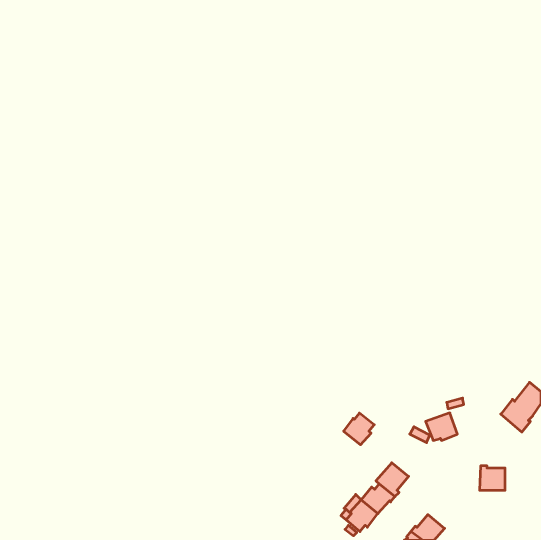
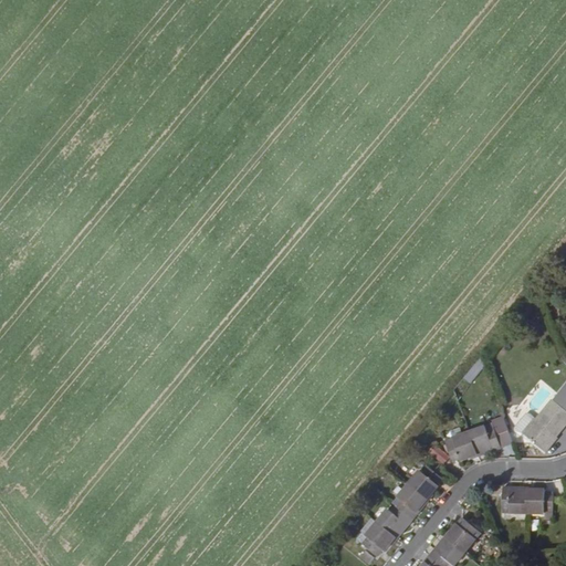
building: none -> [470,426,501,453]
building: [344,413,374,445] -> [409,464,441,497]
building: none -> [527,489,553,513]
building: none -> [447,517,481,552]

